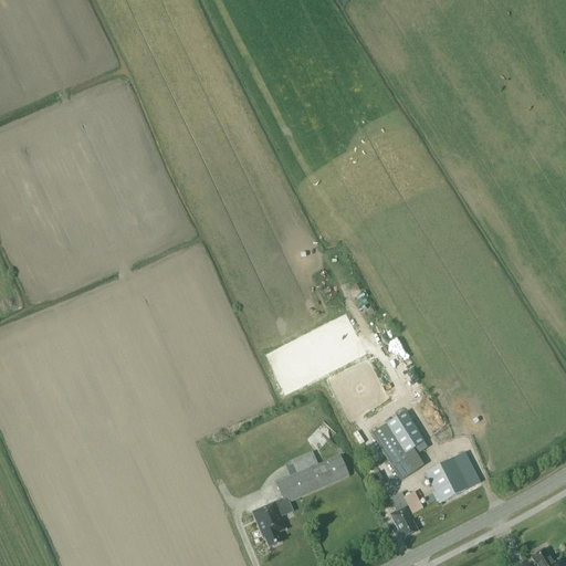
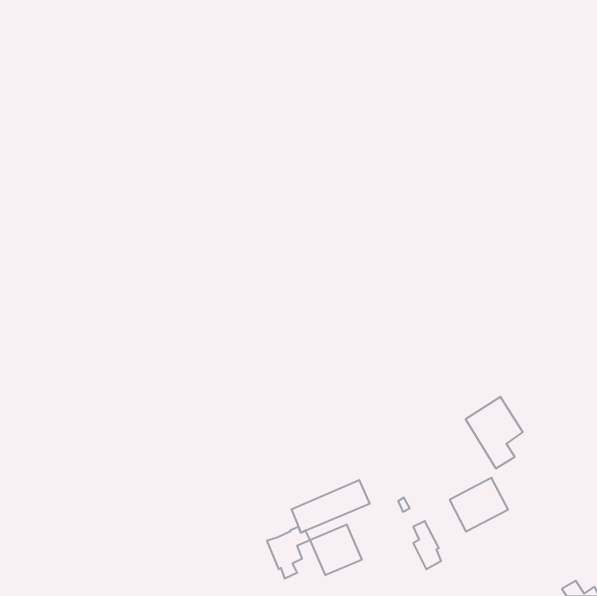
building: [373,411,427,479] -> [466,397,523,468]
building: none -> [310,524,362,575]

